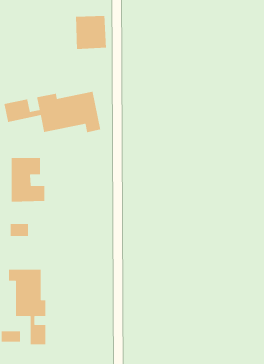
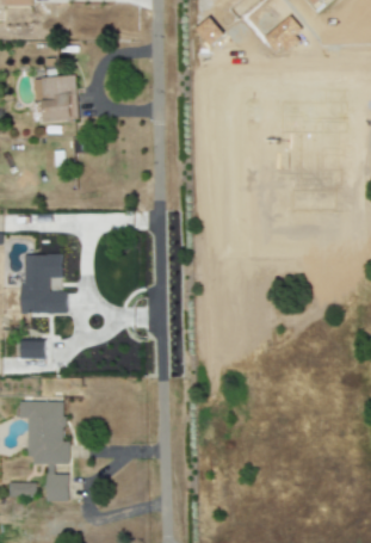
building: [75,15,107,50] -> [36,76,78,122]
building: [4,91,101,133] -> none

